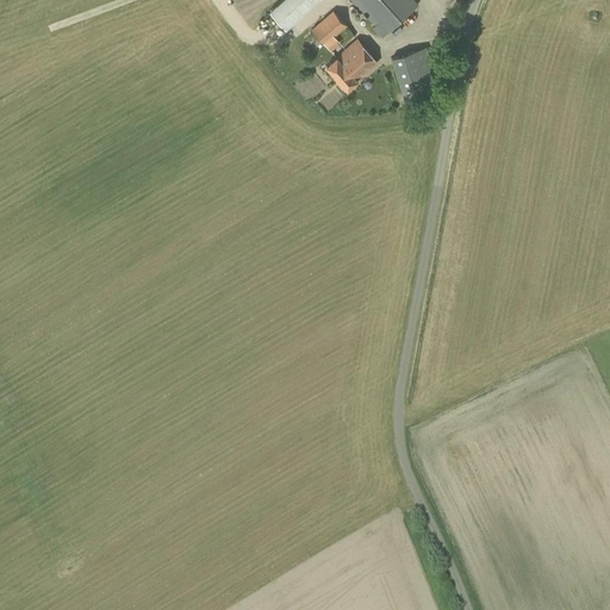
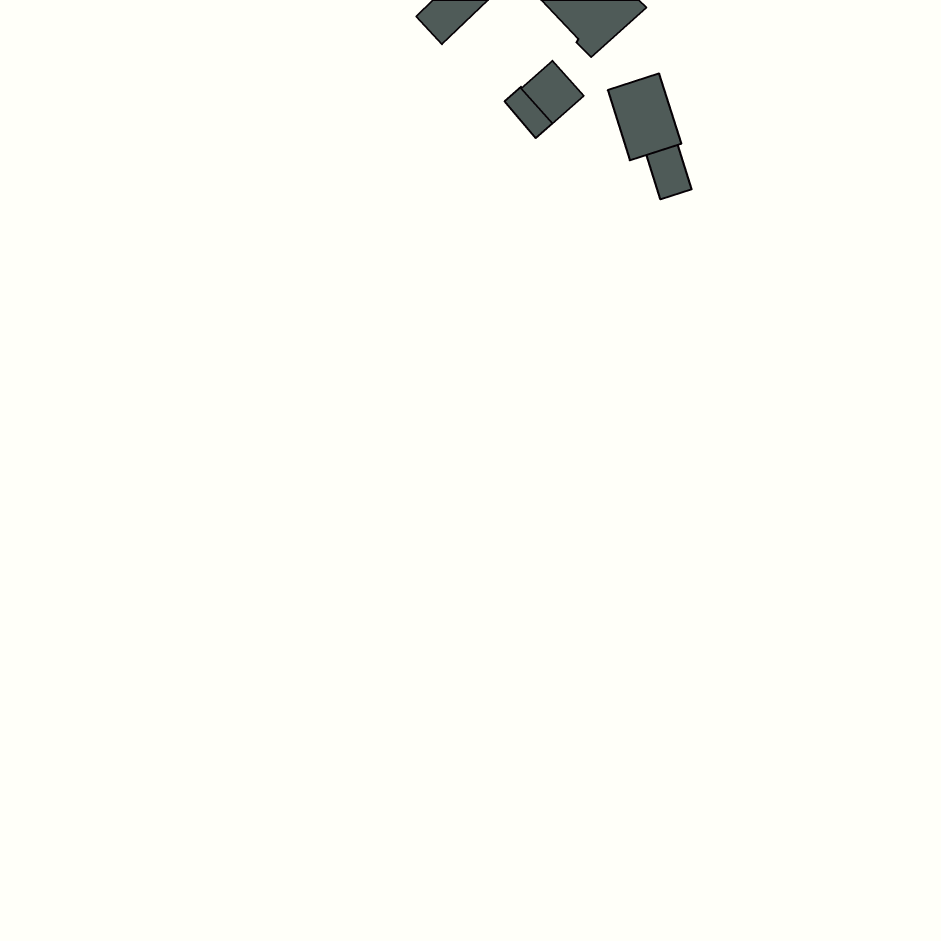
building: [311,10,347,44] -> none
building: none -> [647,145,692,199]

